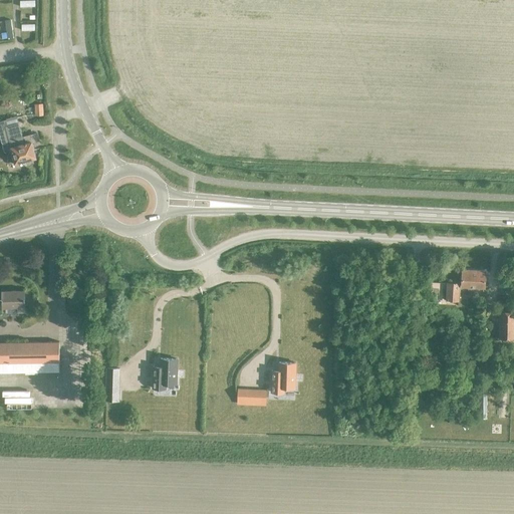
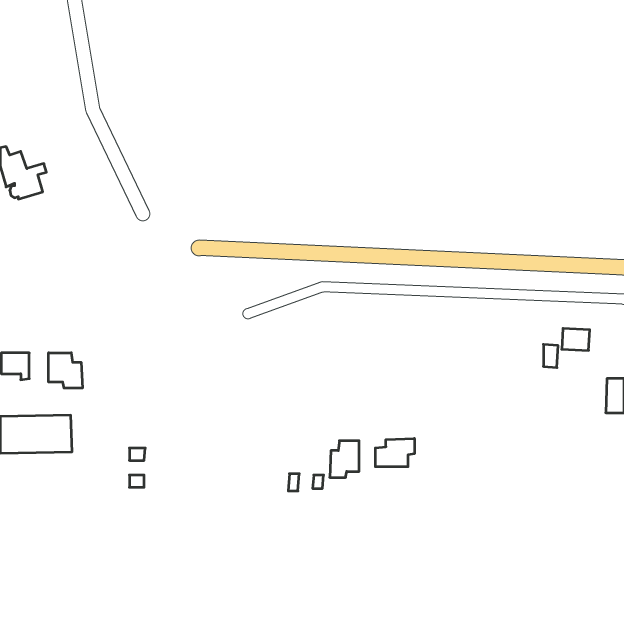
building: none -> [49,353,82,388]
building: [153,358,177,389] -> none
building: none -> [375,438,414,467]

